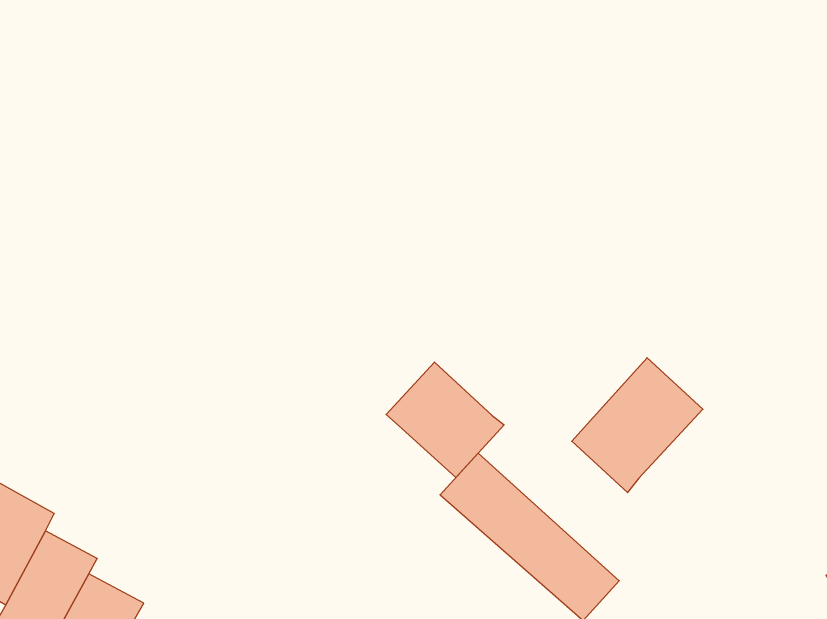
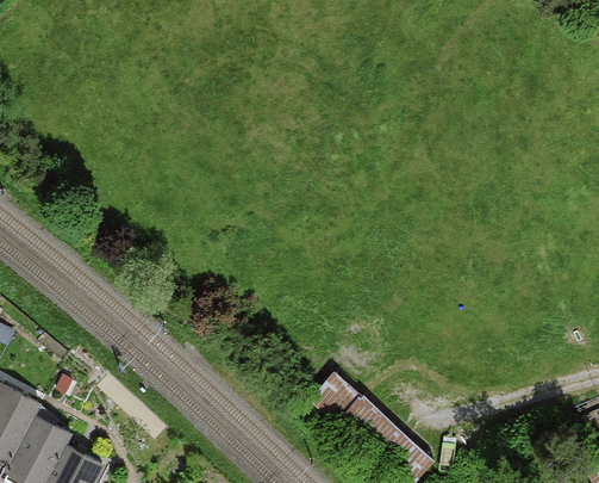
building: [572,358,703,493] -> none
building: [386,362,504,477] -> none

